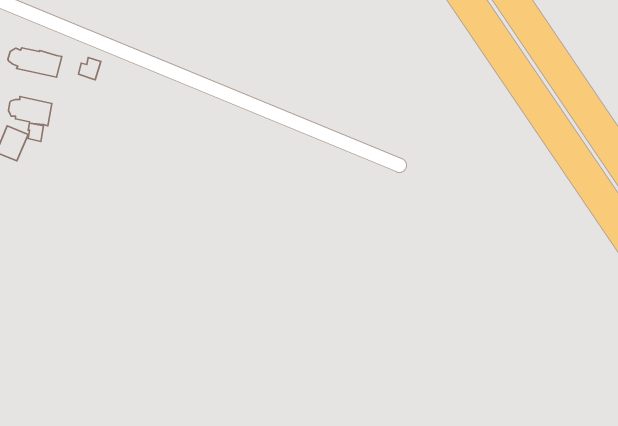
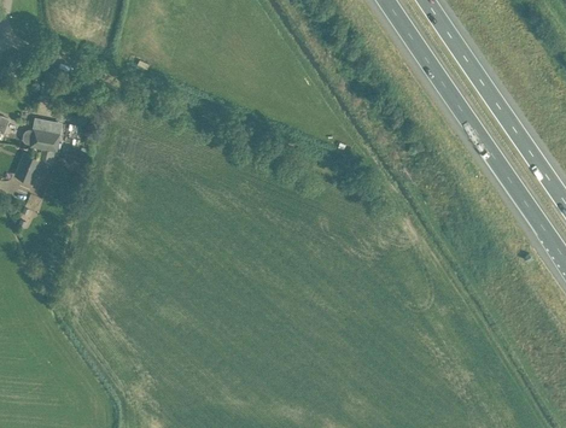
building: [8,48,62,77] -> none

